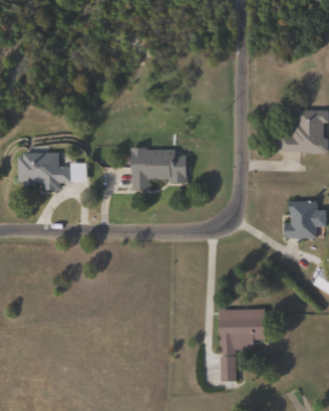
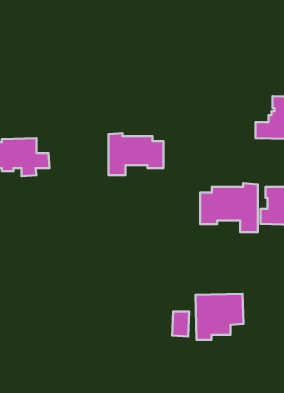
building: none -> [200,183,258,232]
building: [219,357,236,382] -> [172,312,189,337]

